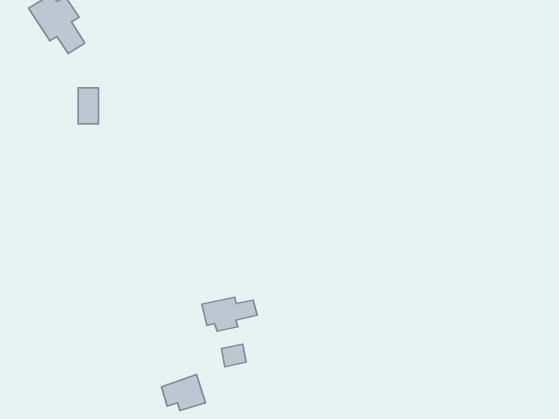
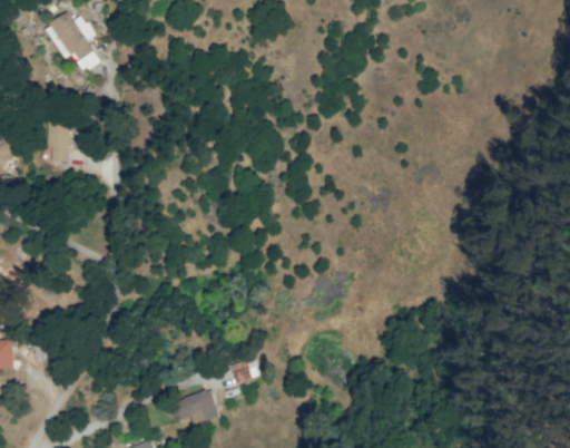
building: [78,88,99,124] -> [48,126,68,162]
building: [202,297,257,331] -> none

